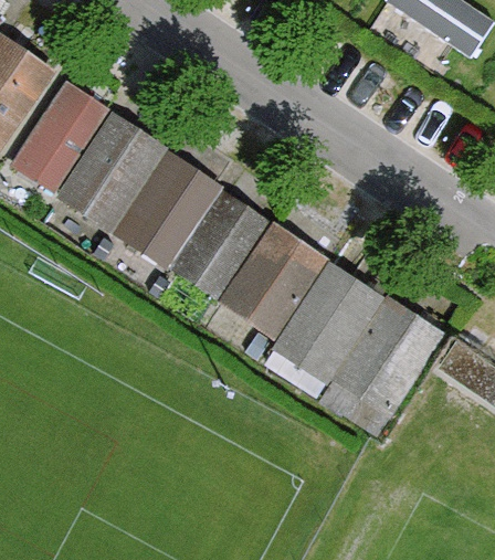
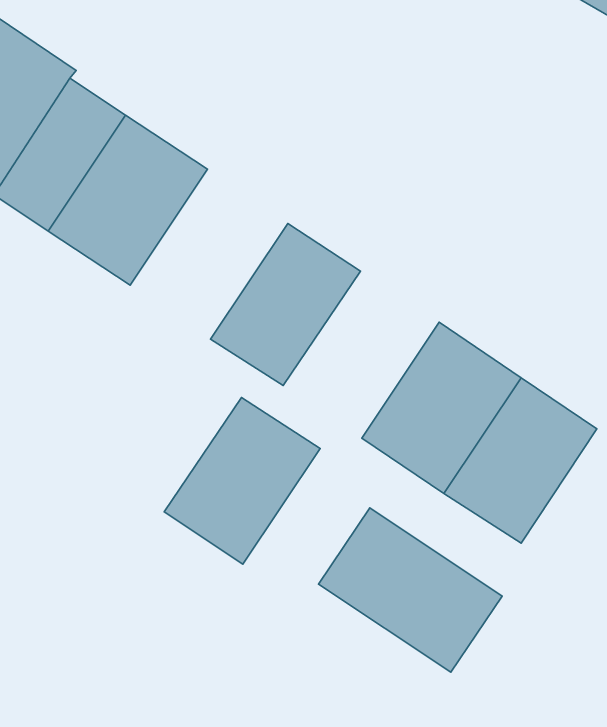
building: [108,149,221,271] -> none
building: [218,222,329,341] -> [164,398,320,564]
building: none -> [319,508,502,672]

